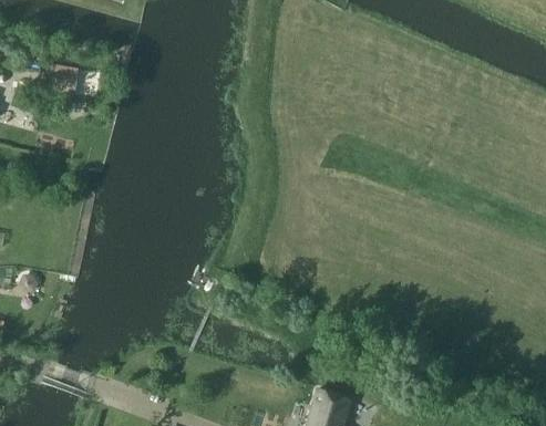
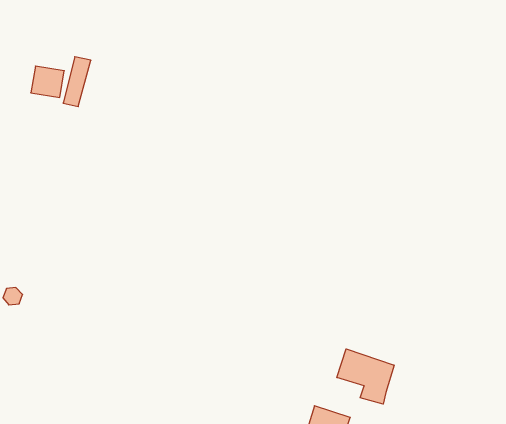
building: none -> [337,349,394,404]

